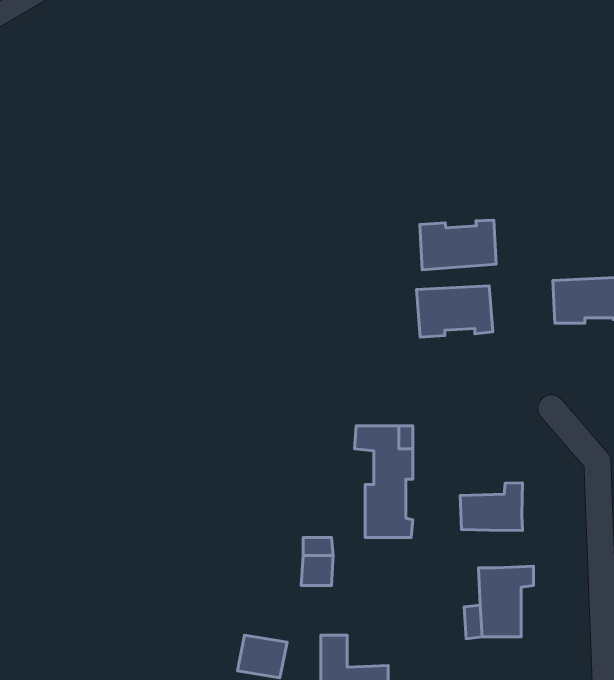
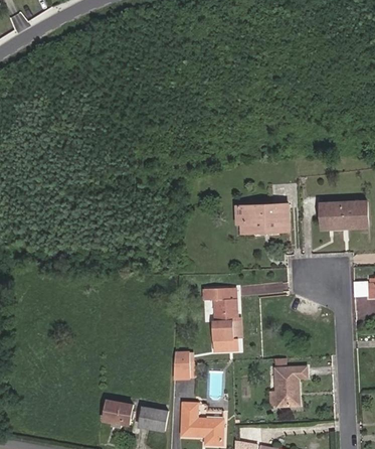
building: [420,220,496,270] -> none
building: [460,483,522,531] -> none
building: none -> [102,398,132,422]

